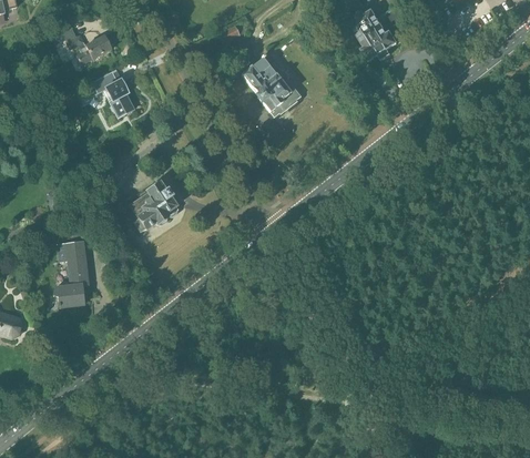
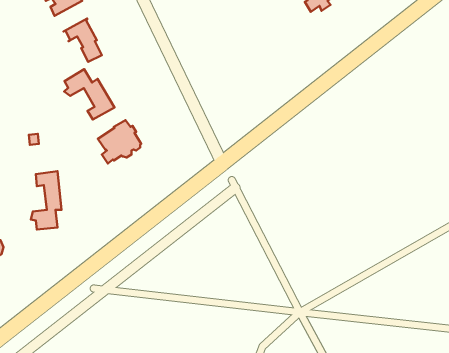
building: [242,54,300,116] -> none
building: none -> [64,69,114,119]

